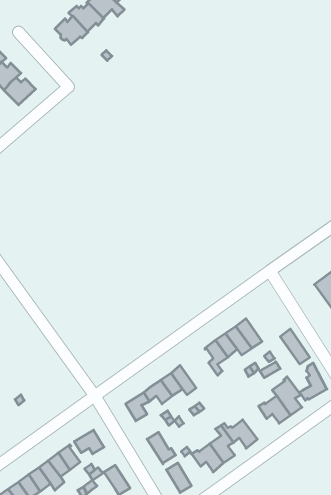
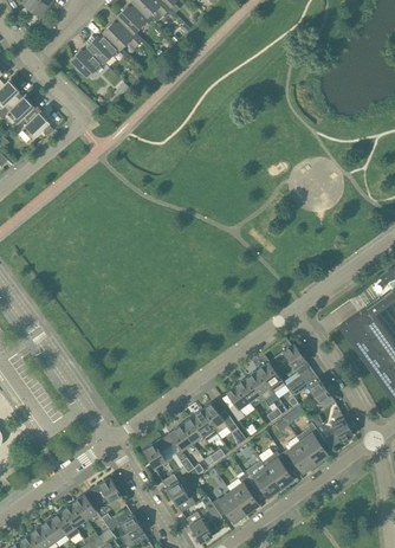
building: none -> [283,344,315,392]
building: none -> [200,402,238,434]
building: none -> [261,451,292,488]

